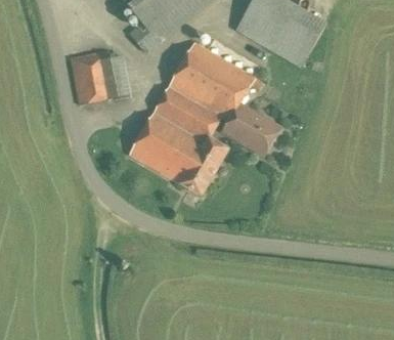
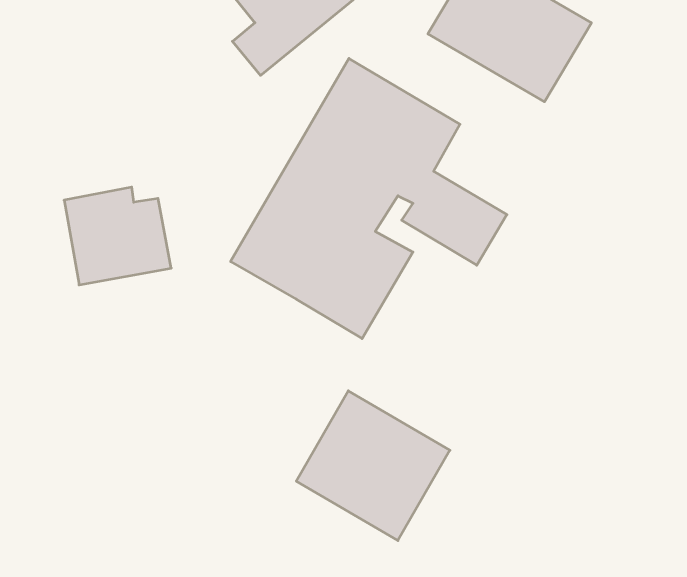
building: [70,49,128,102] -> [64,187,171,285]
building: none -> [296,391,450,541]

